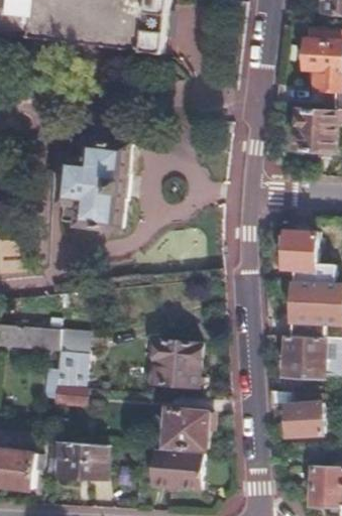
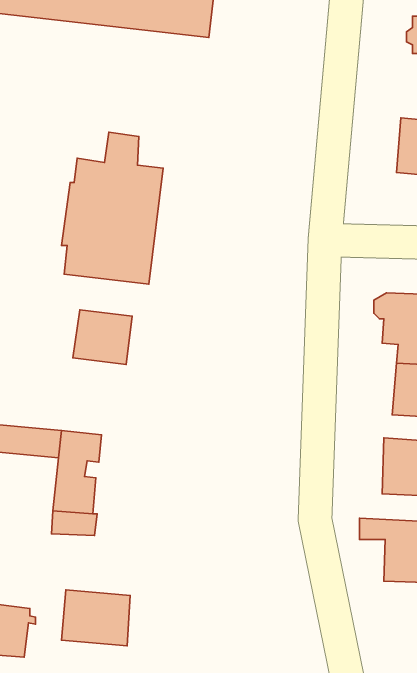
building: none -> [73,310,132,365]
building: [149,343,201,386] -> none
building: [161,407,208,447] -> none
building: [148,449,204,490] -> none

